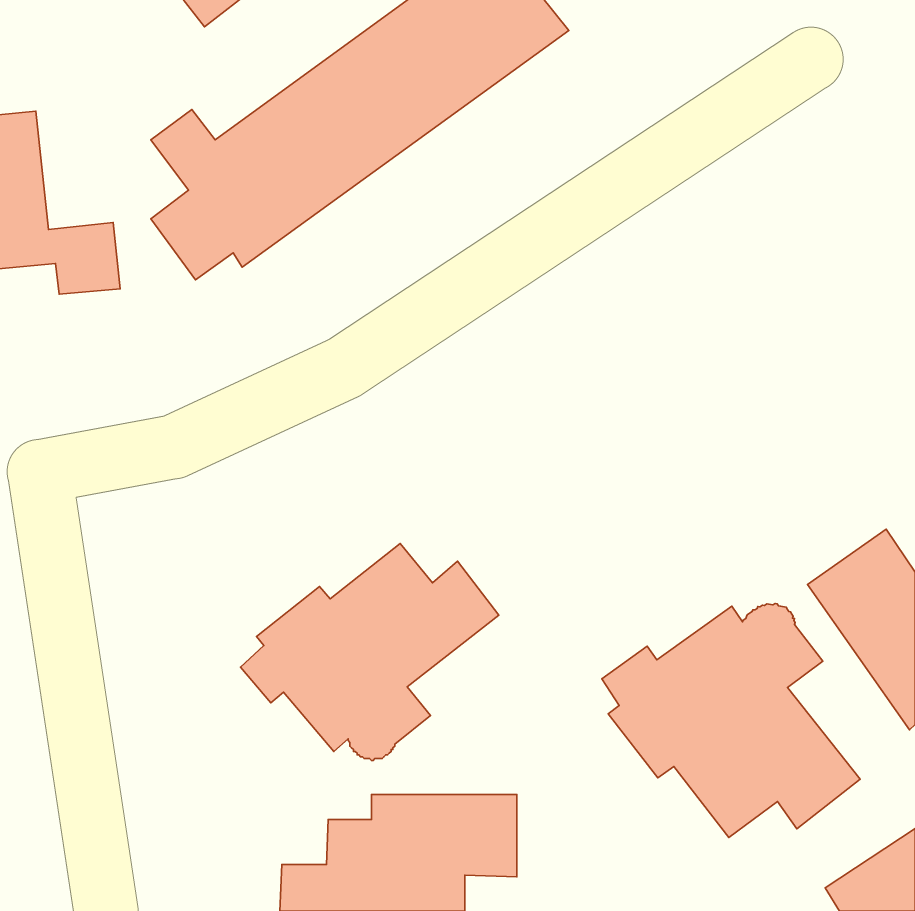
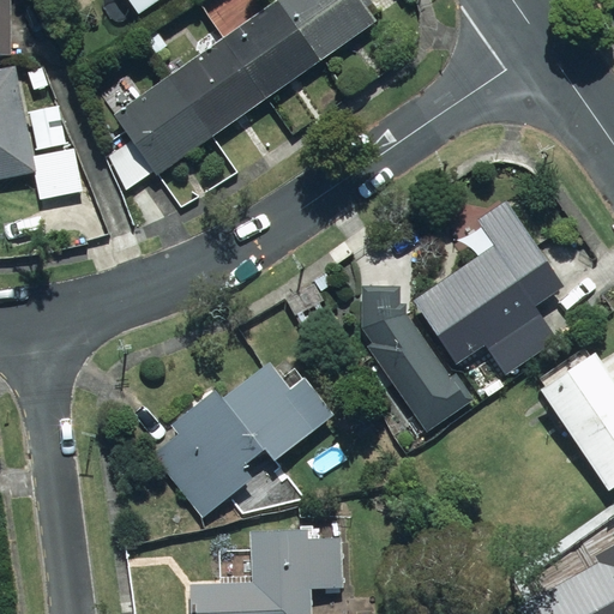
building: none -> [359,197,567,431]
building: [602,603,860,838] -> none

